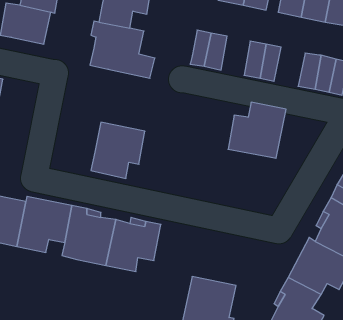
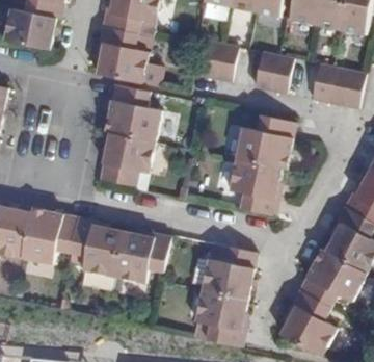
building: none -> [103,83,159,140]
building: none -> [232,159,284,219]
building: none -> [202,249,256,301]

